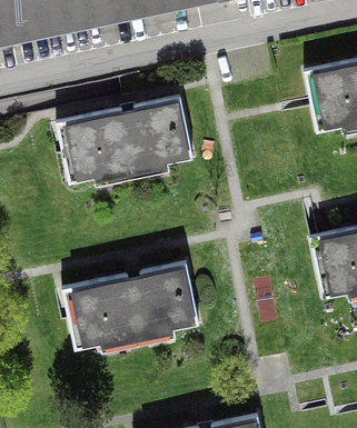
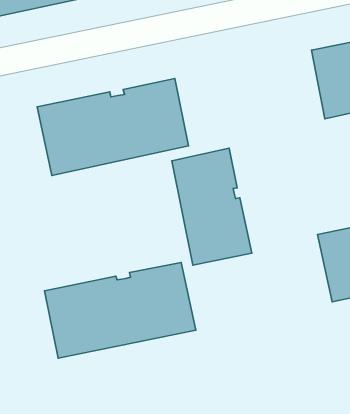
building: none -> [172,148,252,265]

